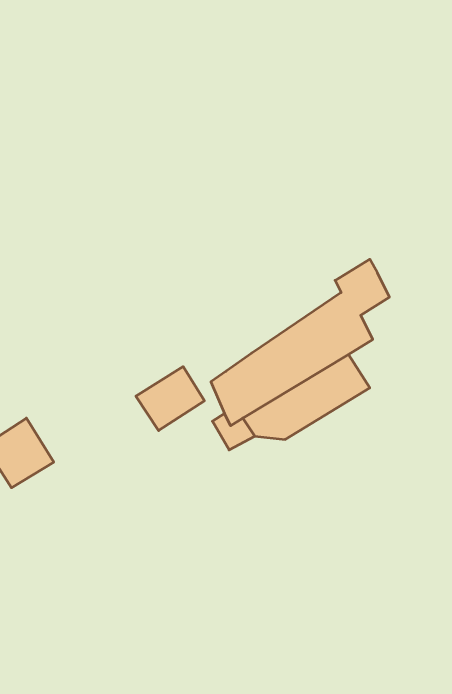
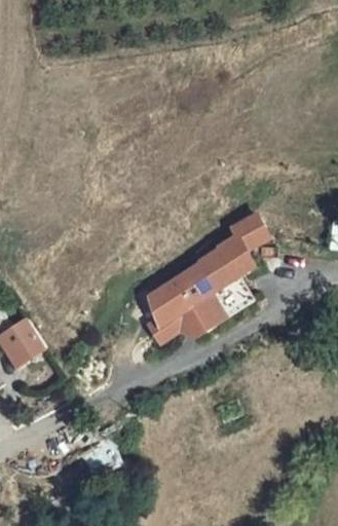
building: [136,367,204,431] -> none

